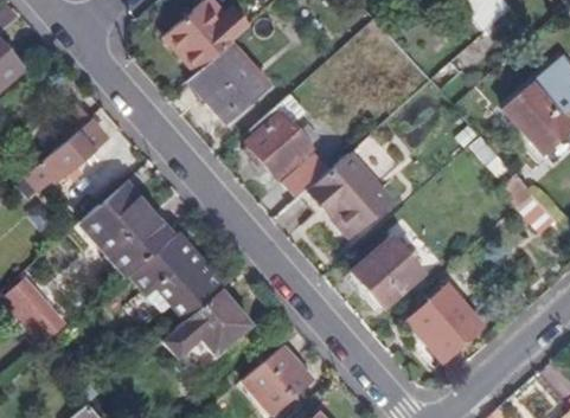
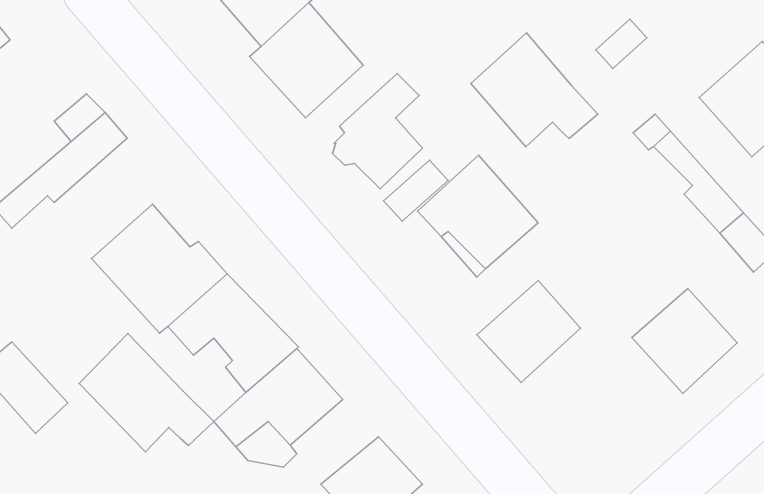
building: none -> [471,33,598,147]
building: none -> [79,333,214,452]
building: [409,287,482,360] -> [632,288,737,394]

